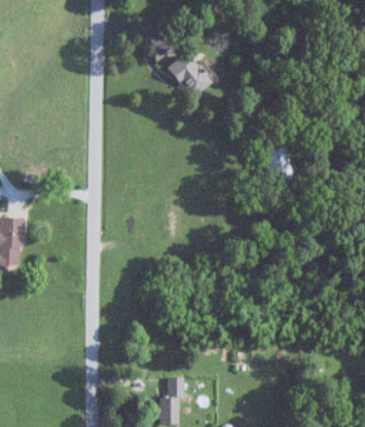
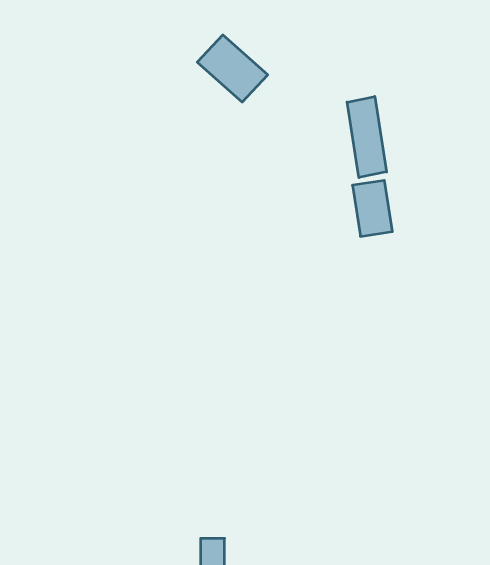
building: none -> [347,96,387,178]

